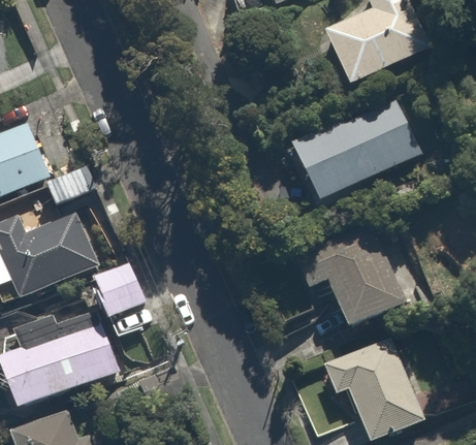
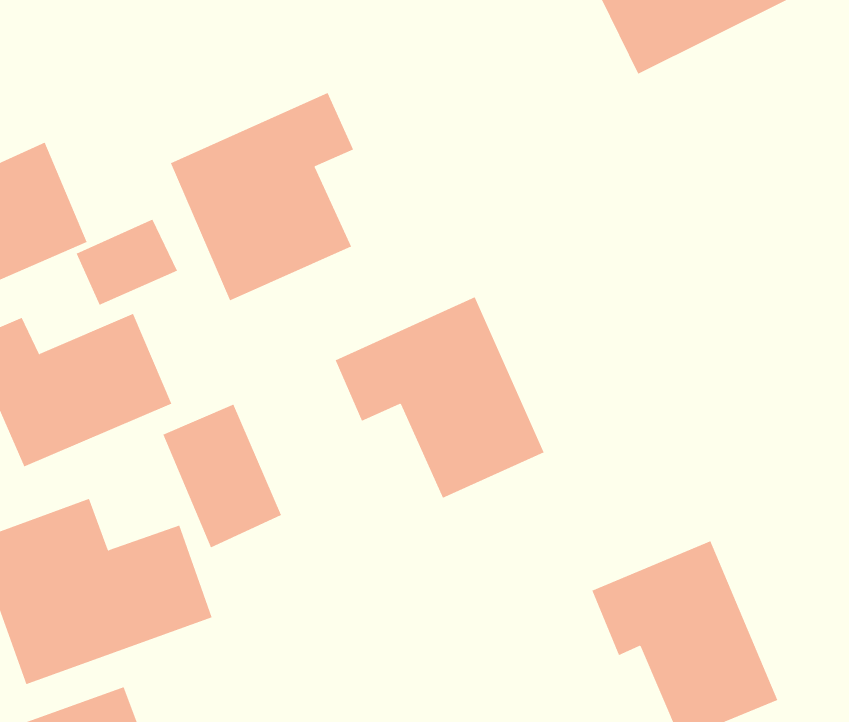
building: none -> [170,92,354,301]
building: [289,95,419,203] -> none
building: [292,221,405,329] -> [335,297,544,499]

